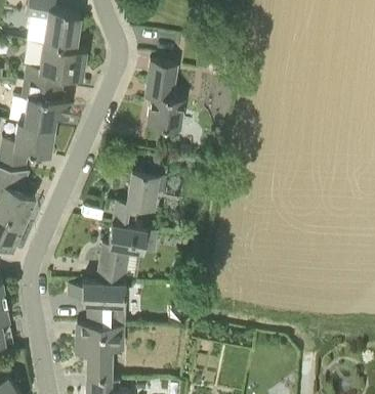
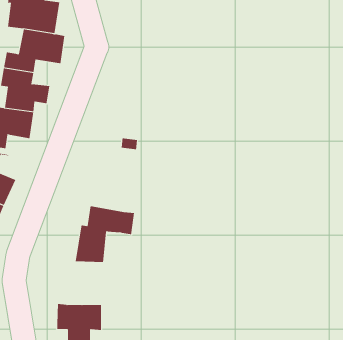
building: [145,61,185,130] -> none
building: [113,171,160,230] -> none
building: [69,281,126,325] -> none

